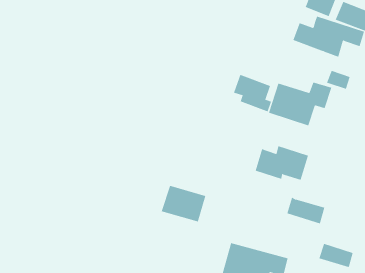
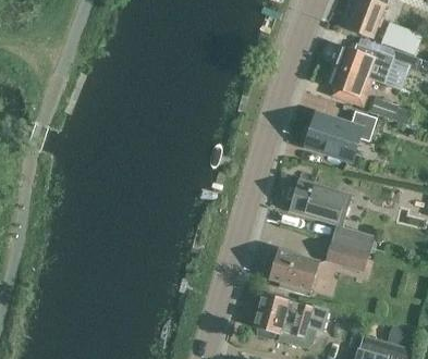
building: [233,74,272,112] -> [323,65,367,108]
building: [161,185,206,222] -> [267,249,318,290]
building: [319,243,353,267] -> [334,226,374,253]

